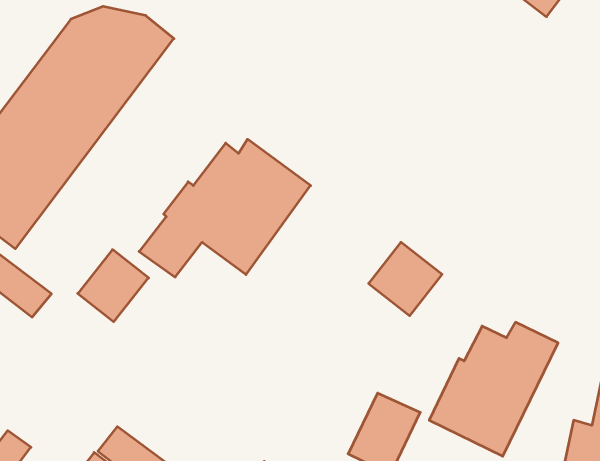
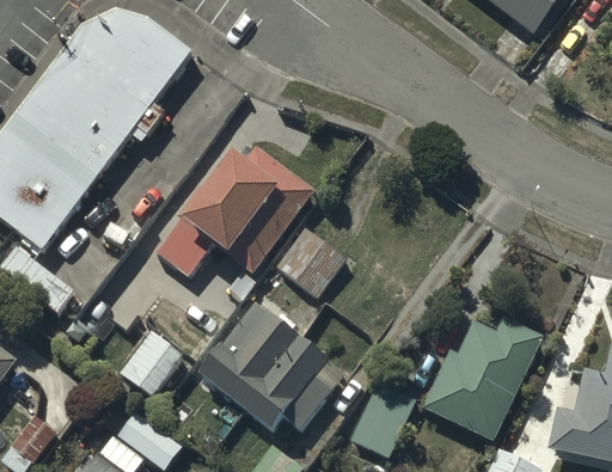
building: [369,242,442,316] -> [277,229,345,298]
building: [78,250,149,322] -> [118,331,184,398]
building: none -> [201,304,344,429]

